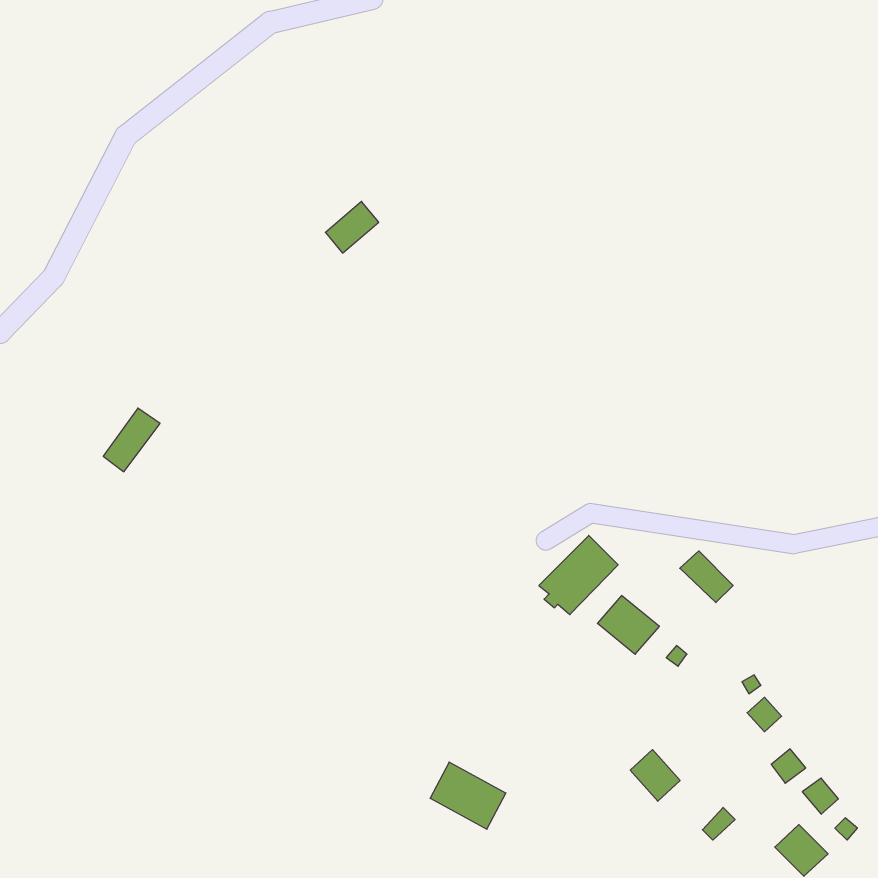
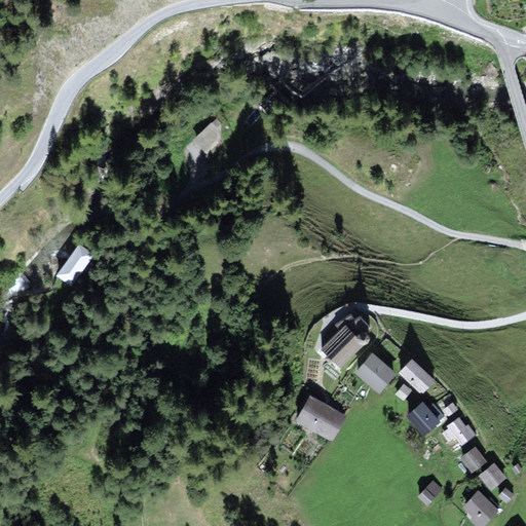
building: [680,551,733,603] -> [402,361,434,391]
building: [630,750,680,801] -> [406,401,436,431]
building: [430,762,506,829] -> [297,397,342,437]

